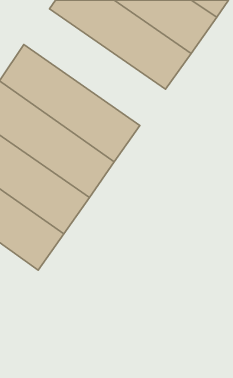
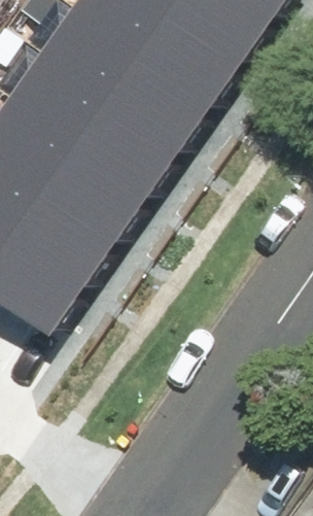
building: none -> [30,11,206,157]

